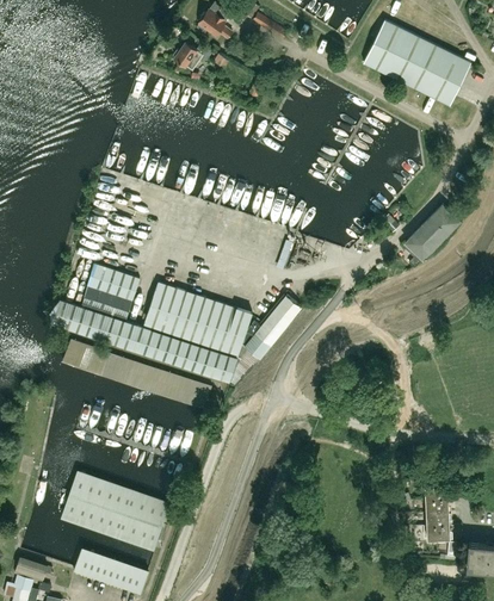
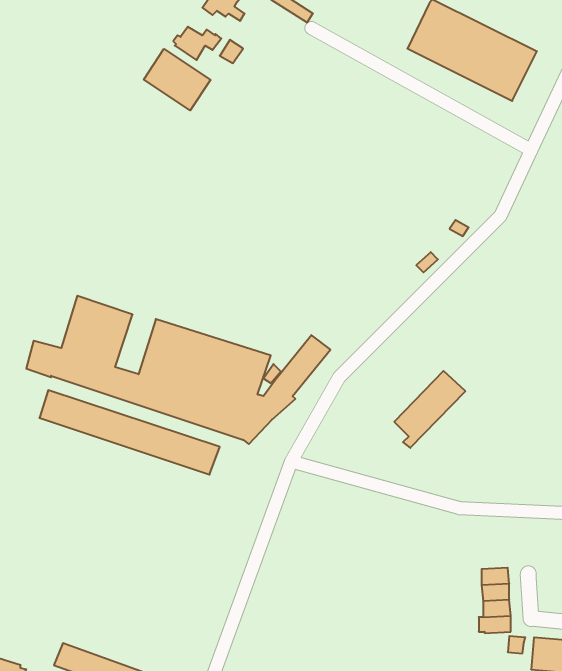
building: none -> [144,49,210,110]
building: [402,205,461,268] -> [394,371,465,448]
building: [61,472,169,551] -> none

